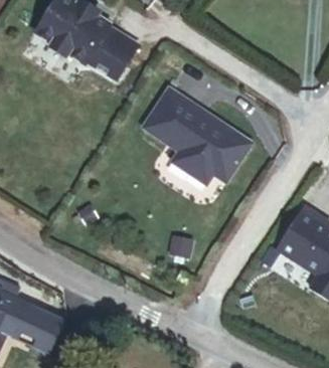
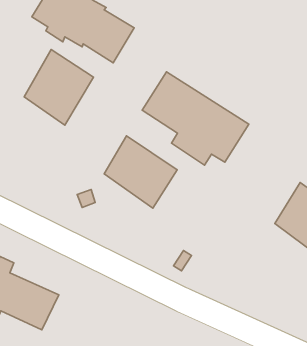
building: none -> [24,50,94,125]
building: none -> [104,136,177,208]

